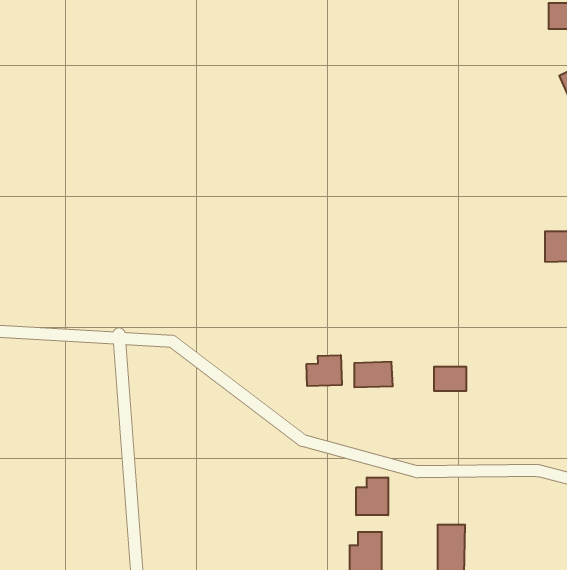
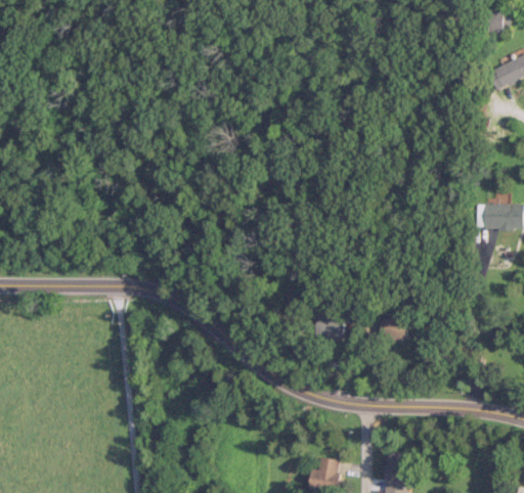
building: [307,355,342,386] -> none
building: [356,477,388,515] -> none

